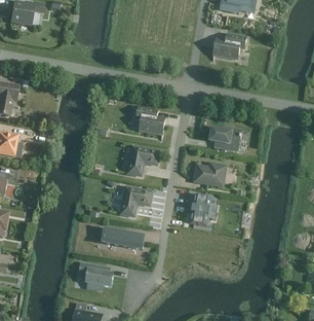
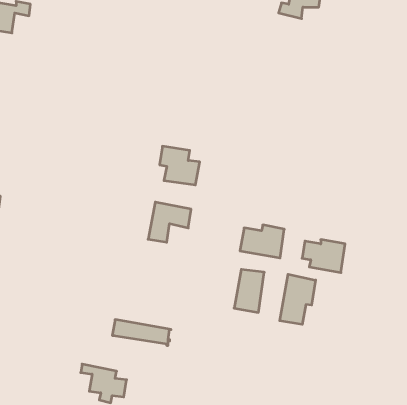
building: [212,33,245,59] -> none
building: [209,127,240,150] -> [302,240,345,273]
building: [120,187,151,216] -> none
building: none -> [280,274,316,324]

